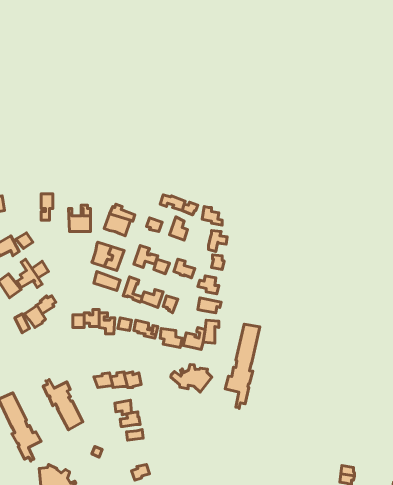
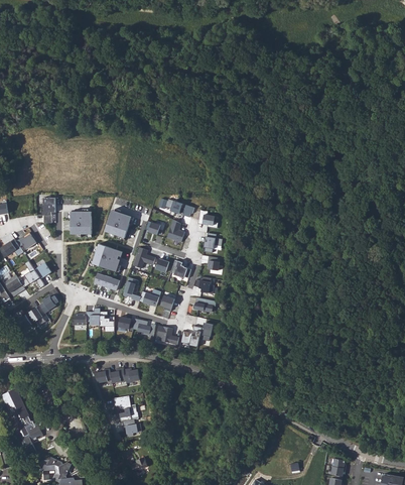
building: [225,324,260,408] -> none
building: [171,364,212,392] -> none
building: [43,380,83,430] -> none

